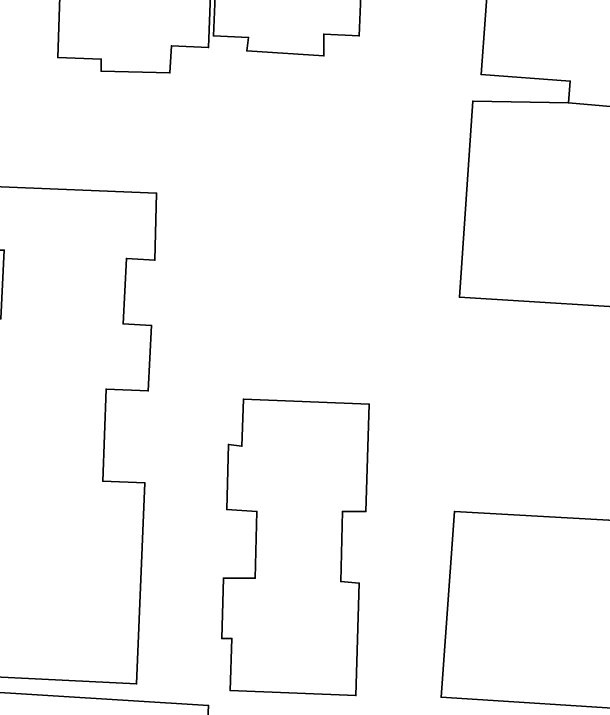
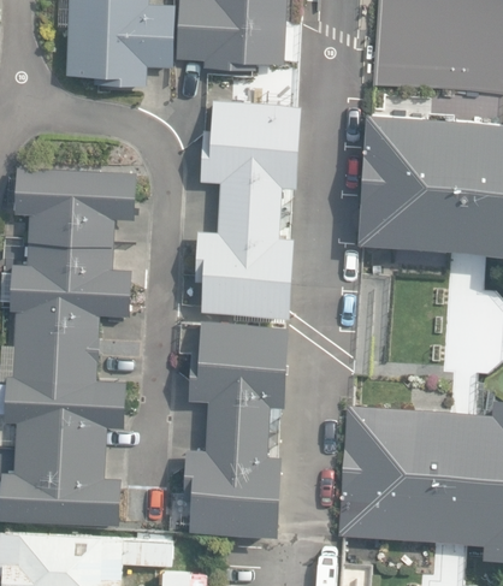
building: none -> [197,106,298,316]

